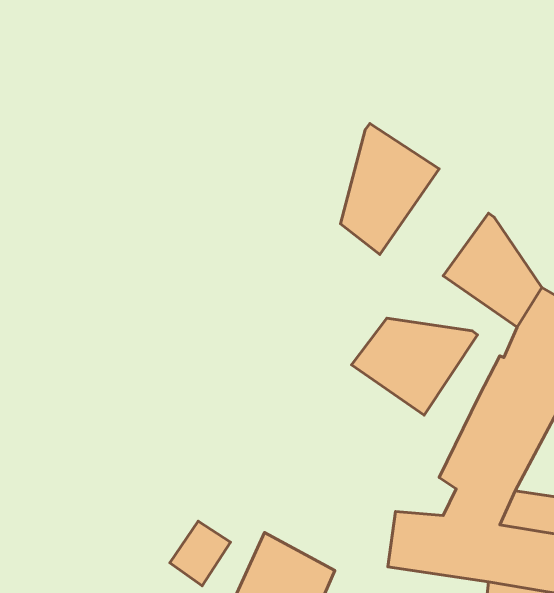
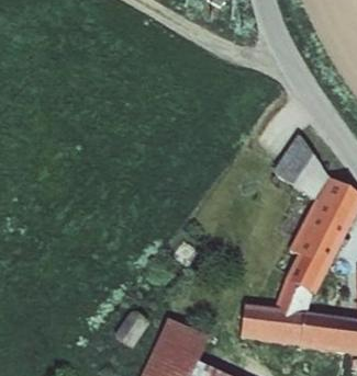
building: [340,123,439,254] -> none
building: [352,318,477,415] -> none

